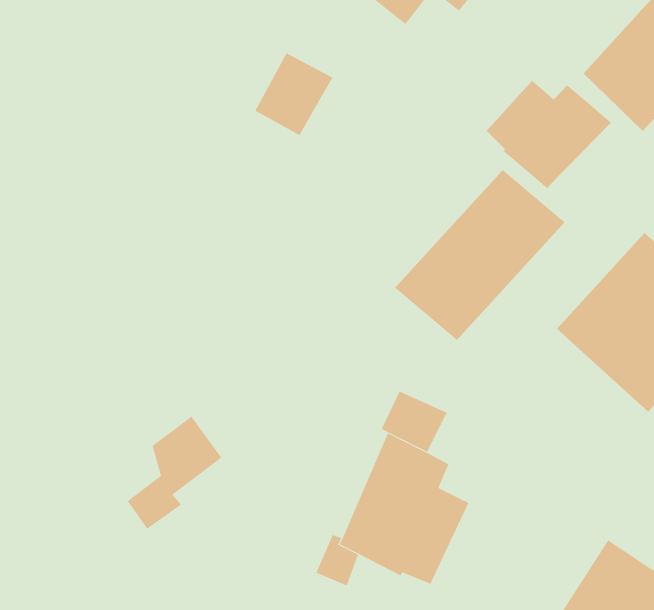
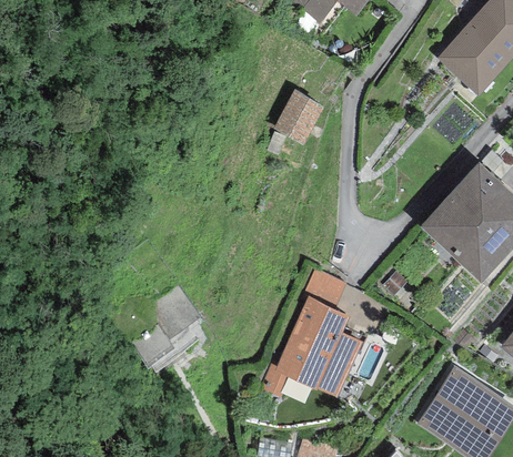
building: [255,52,333,136] -> [273,90,325,145]
building: [486,80,612,189] -> none
building: [394,169,565,341] -> none

